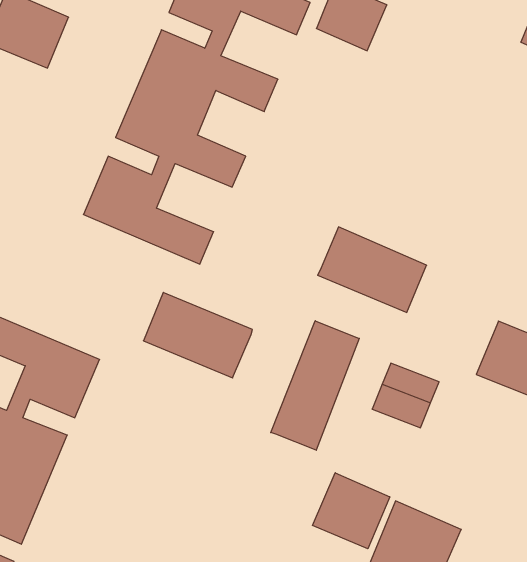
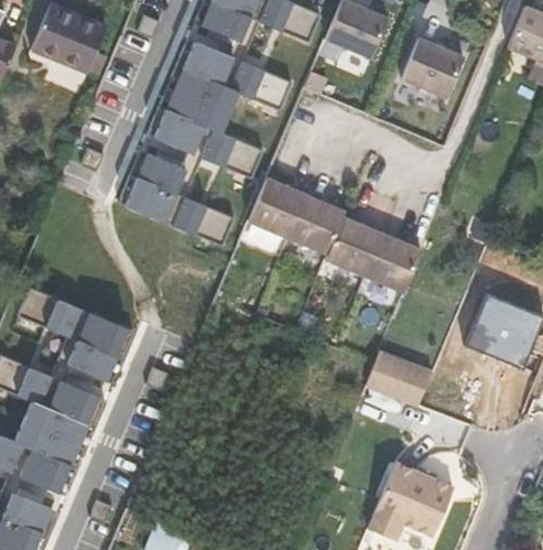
building: none -> [402,34,465,94]
building: [143,292,252,378] -> [249,176,346,252]
building: [271,321,359,450] -> none
building: [312,473,390,549] -> none

